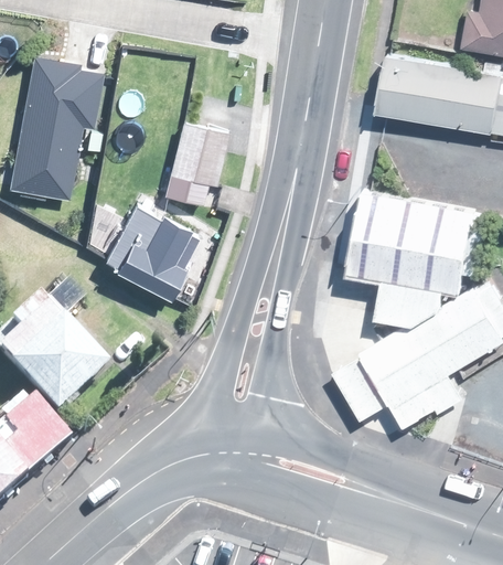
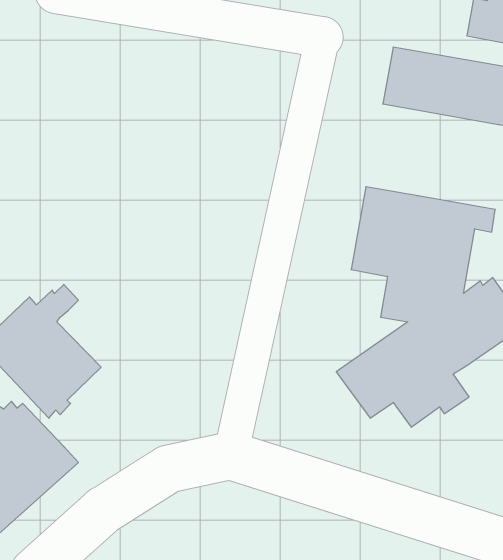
building: [15,62,107,201] -> none
building: [167,125,220,205] -> none
building: [100,204,206,302] -> none

